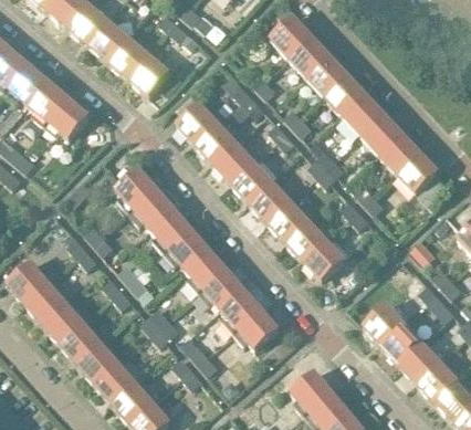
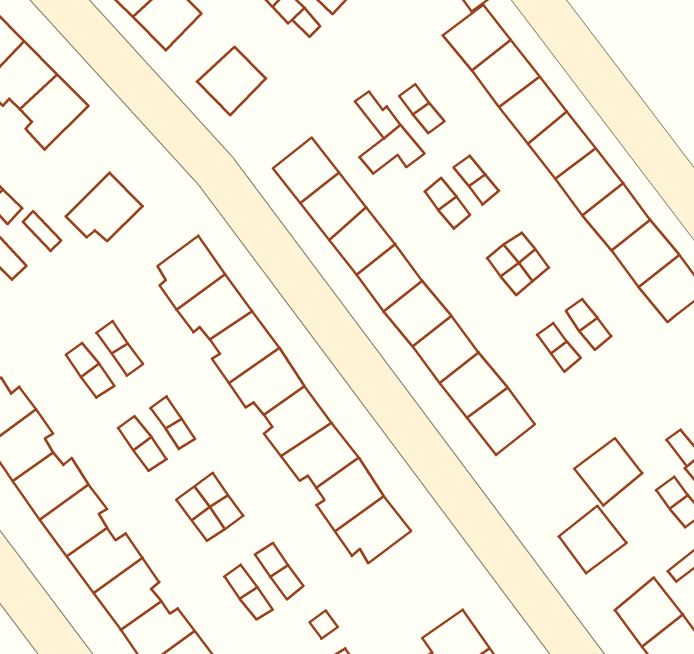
building: [108,38,148,77] -> none
building: [43,97,87,137] -> [66,173,143,241]
building: [380,323,420,363] -> [574,438,642,506]

